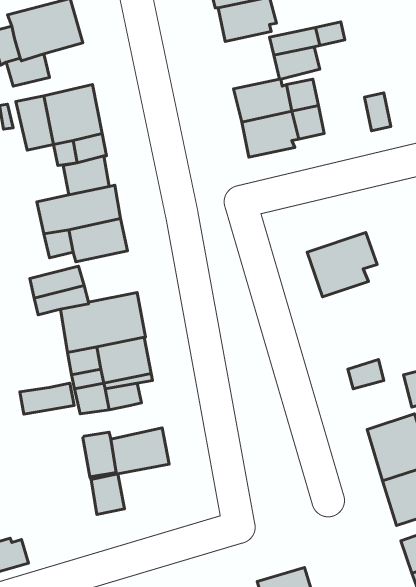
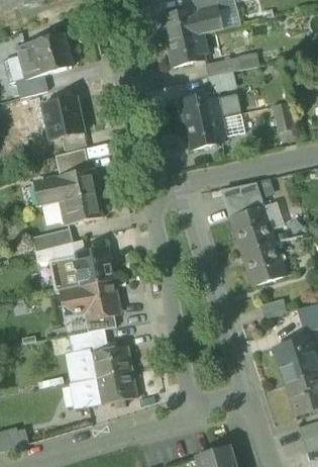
building: none -> [222,179,275,218]
building: none -> [243,240,298,287]
building: [20,383,74,414] -> [68,330,107,352]
building: none -> [95,372,137,407]

